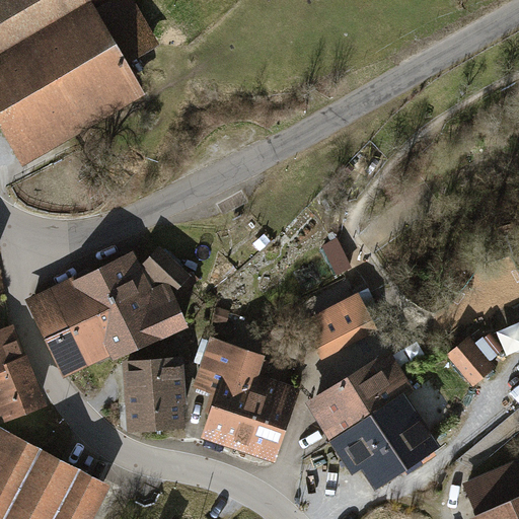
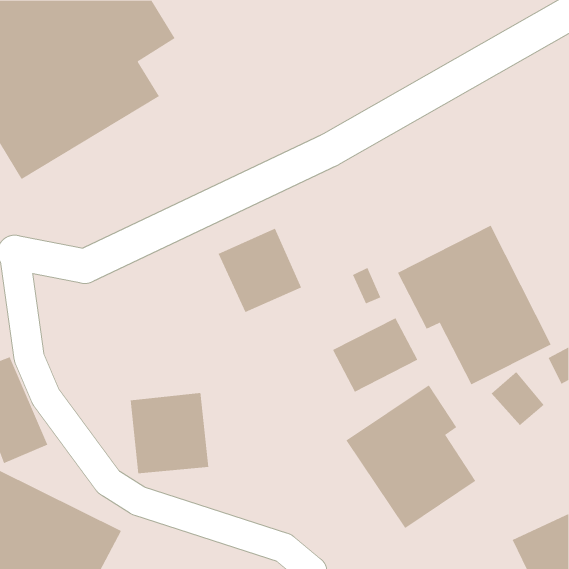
building: none -> [397,225,551,385]
building: none -> [218,228,302,313]
building: [27,244,198,378] -> none
building: [193,344,293,455] -> none

